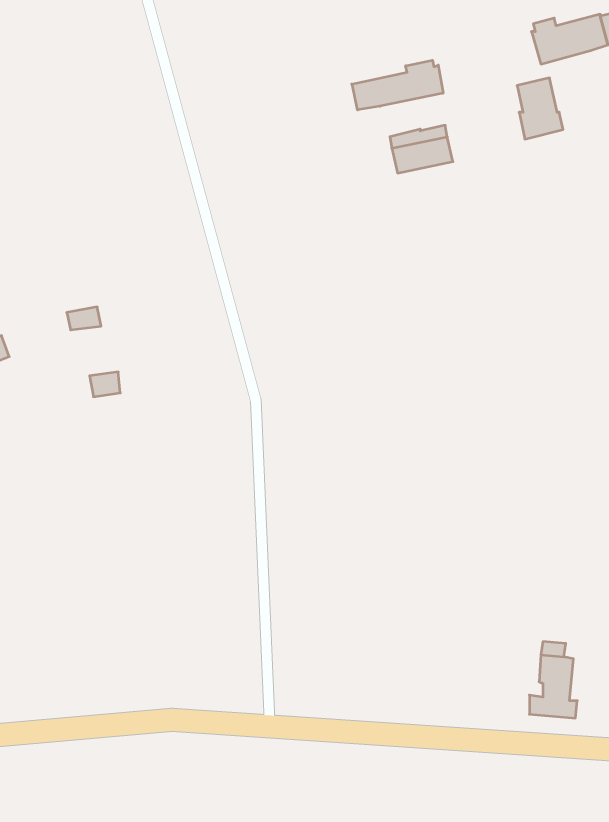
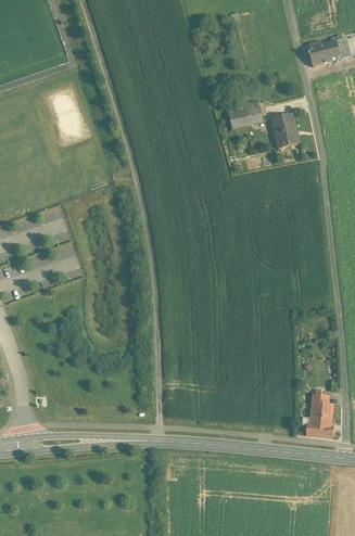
building: [352,60,443,110] -> none
building: [517,78,563,139] -> [274,113,300,148]

